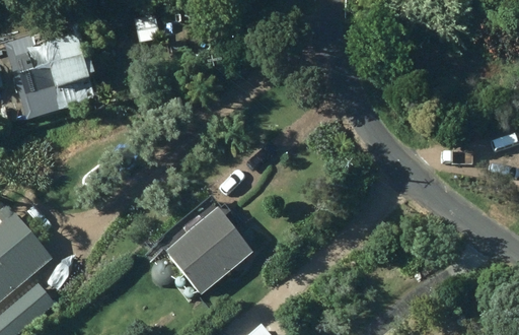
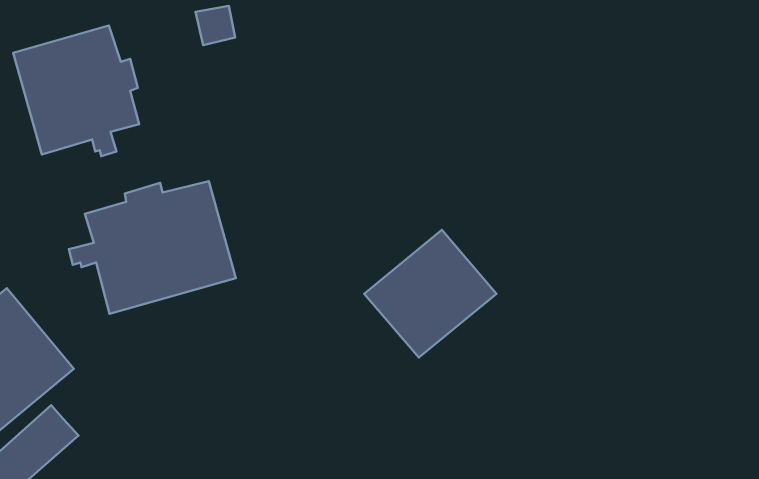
building: none -> [69,181,236,314]
building: [163,207,251,292] -> [364,230,496,357]

